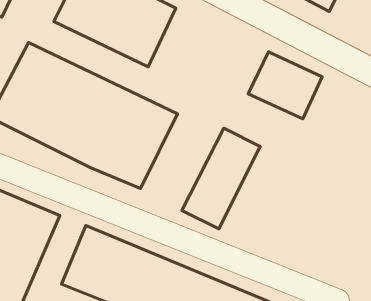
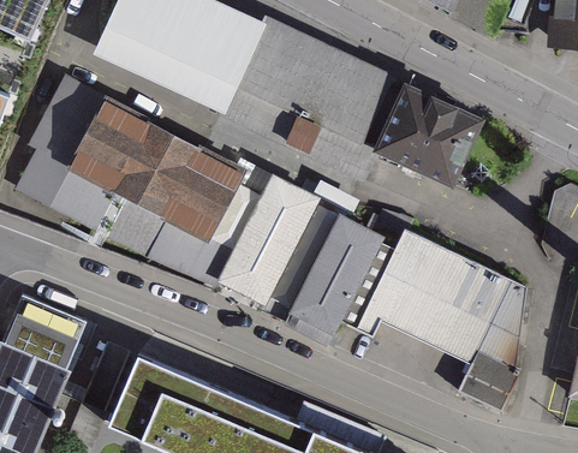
building: none -> [231,29,403,175]
building: none -> [220,171,339,318]
building: none -> [362,231,530,406]

